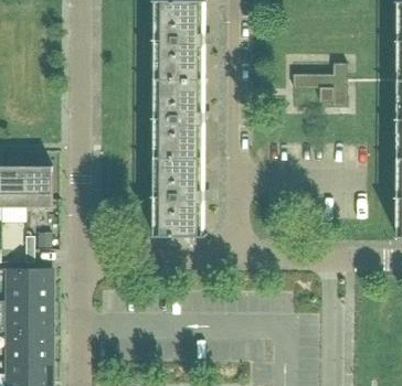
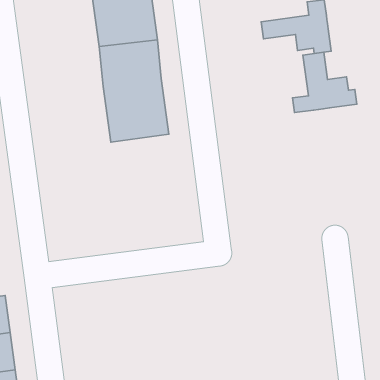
building: none -> [292,52,357,113]
building: [152,156,207,235] -> none

